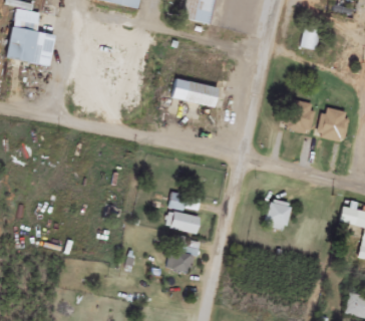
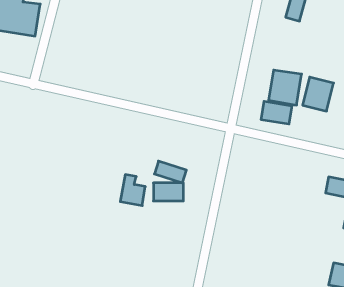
building: [170,77,220,108] -> none
building: none -> [261,101,292,124]
building: [265,199,293,230] -> none
building: [166,242,192,273] -> [120,175,145,206]

